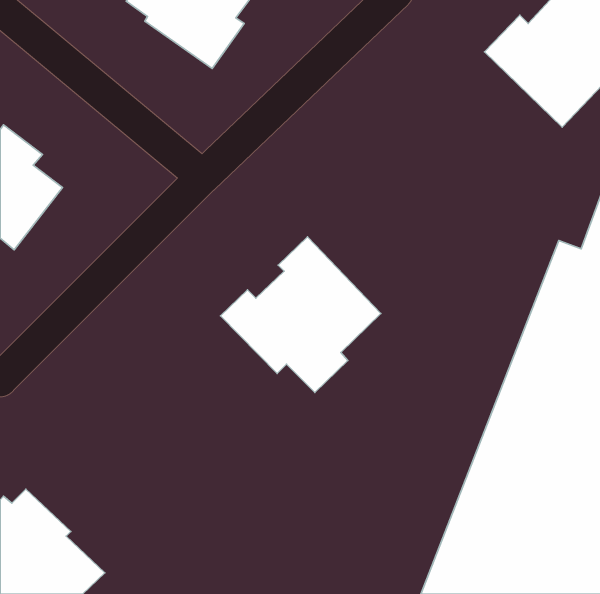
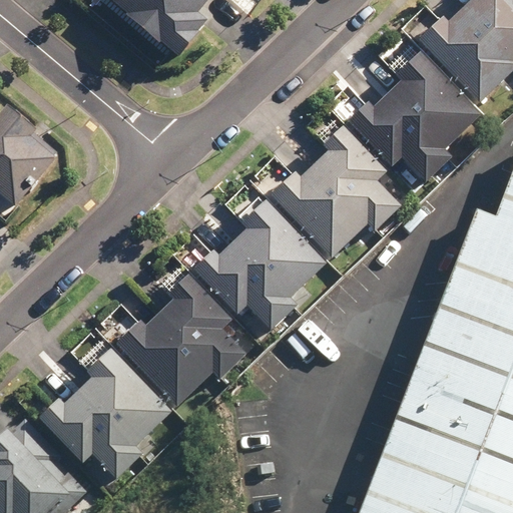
building: none -> [348,54,480,187]
building: none -> [269,129,399,259]
building: none -> [112,276,245,409]
building: none -> [37,349,172,482]

